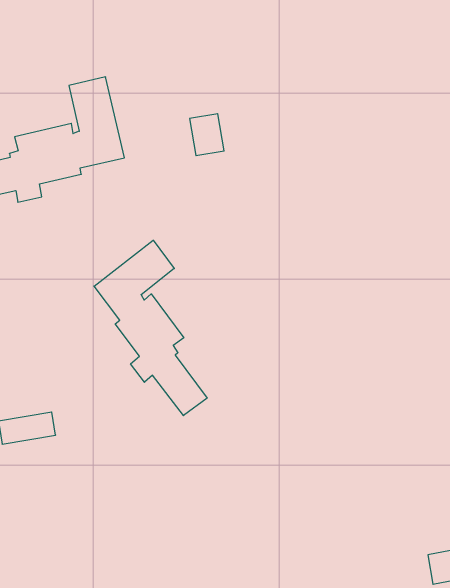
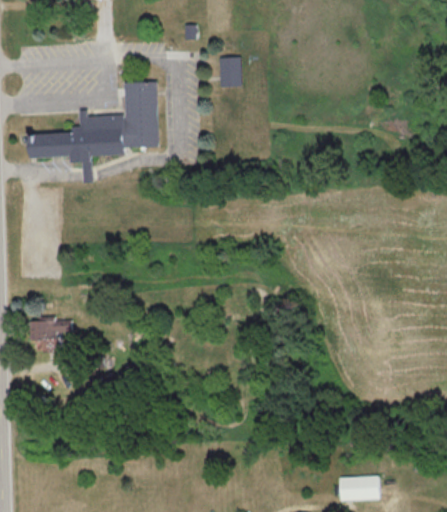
building: [190,114,224,156] -> [218,62,240,91]
building: [94,240,207,416] -> none

